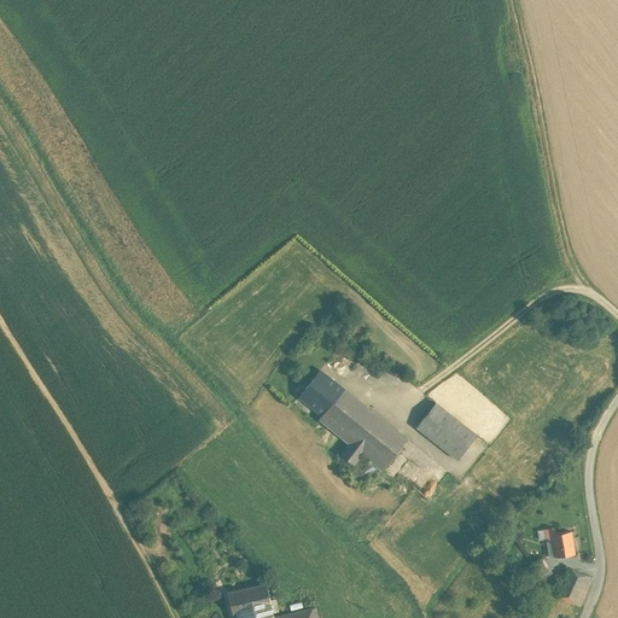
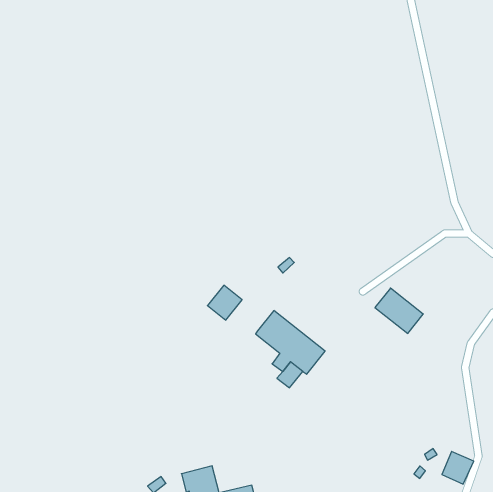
building: [299,372,343,415] -> [207,285,242,320]
building: [416,403,477,460] -> [375,288,423,333]
building: [546,529,573,558] -> none

